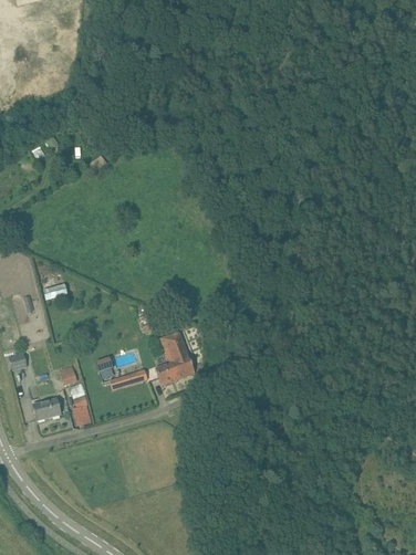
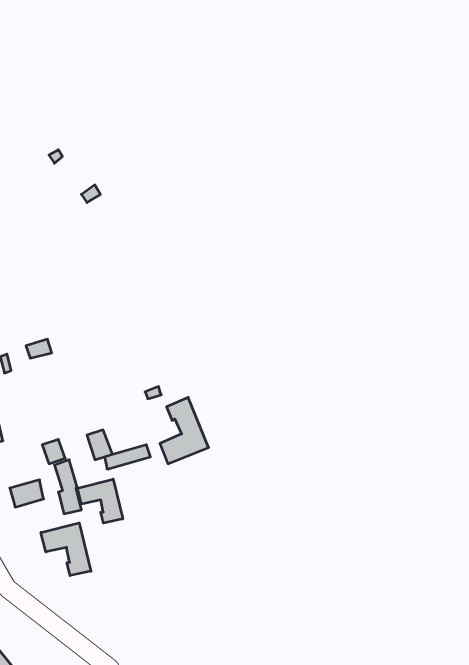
building: none -> [77,479,123,523]
building: none -> [41,523,91,576]

